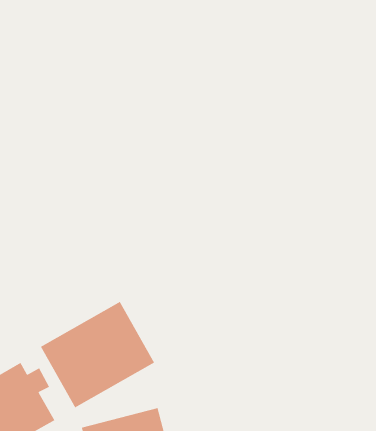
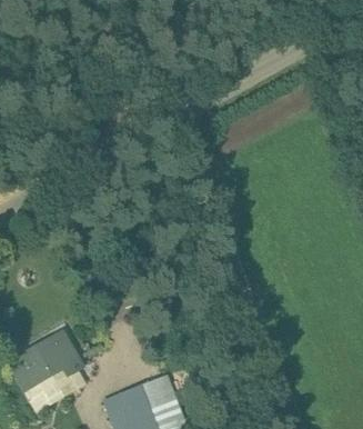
building: [40,301,155,409] -> none

